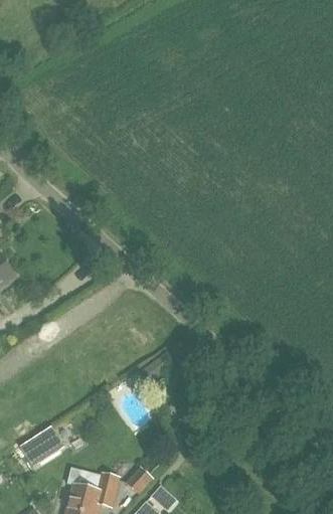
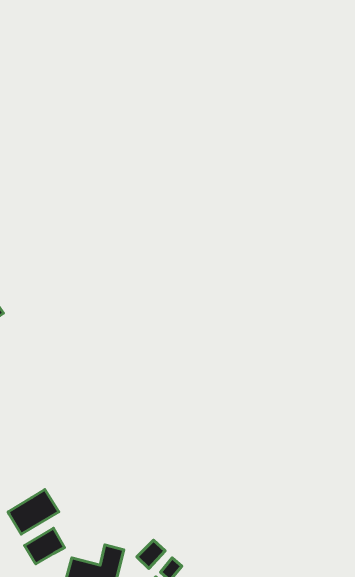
building: none -> [25,528,64,564]

